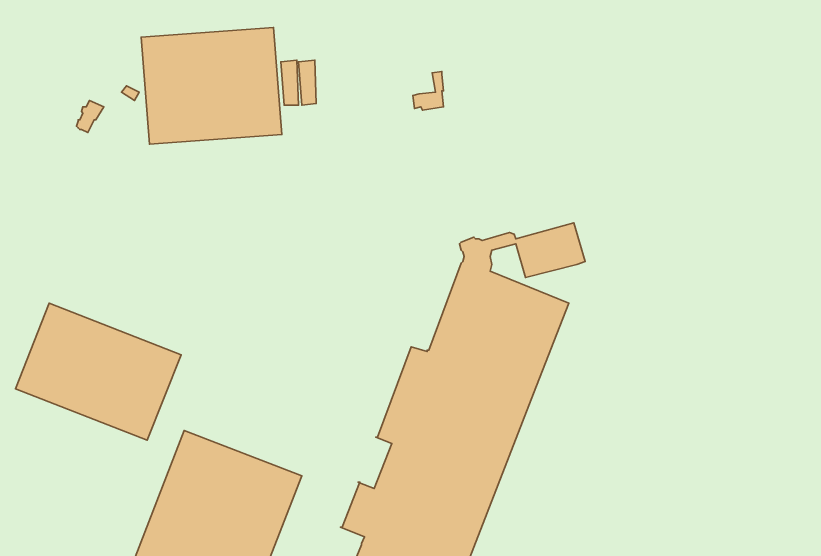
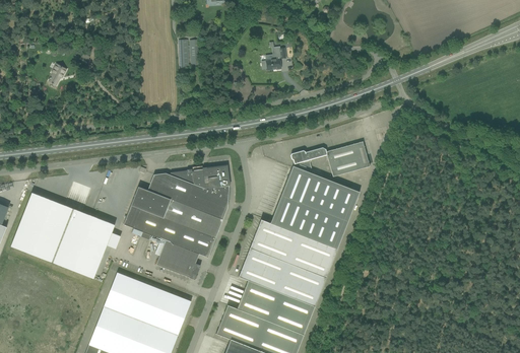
building: [141,28,282,144] -> none
building: none -> [130,165,229,279]

